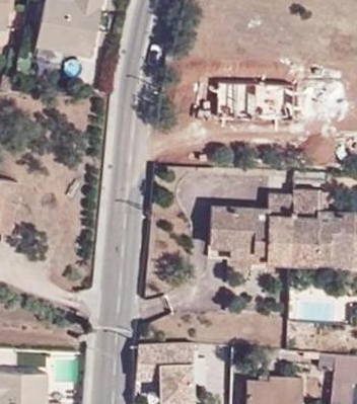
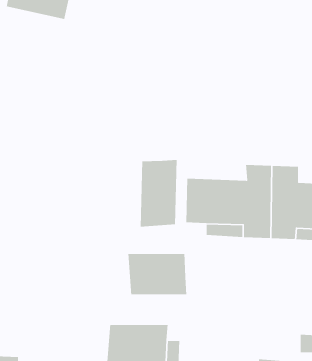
building: none -> [140,159,177,227]
building: none -> [127,253,187,295]

